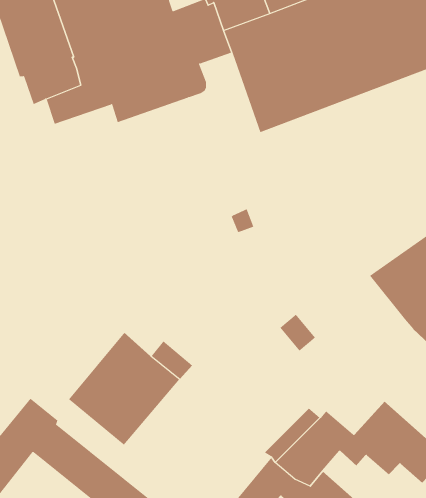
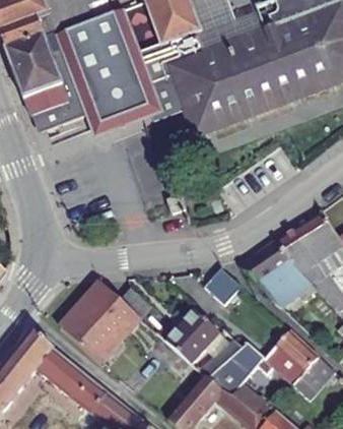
building: none -> [242,241,307,306]
building: none -> [165,307,220,363]

